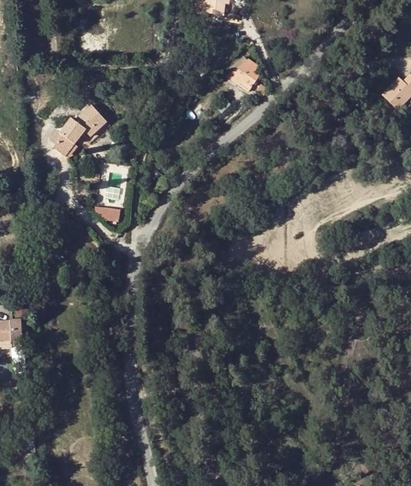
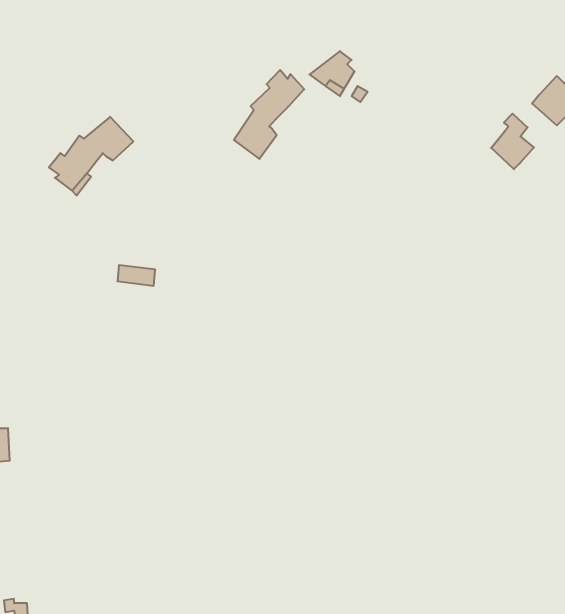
building: none -> [234,70,304,159]
building: none -> [491,114,534,169]

